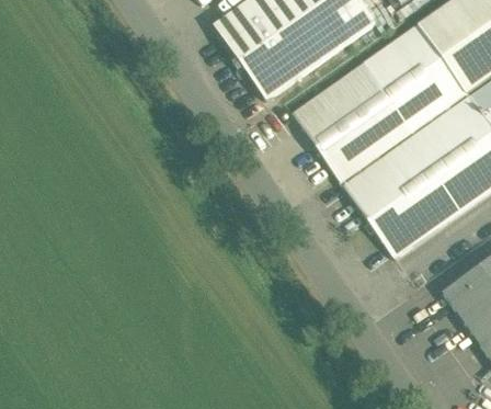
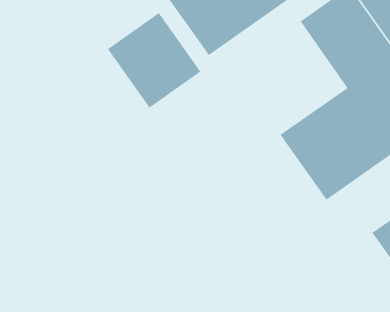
building: none -> [107,12,201,109]
building: [293,61,415,184] -> none

